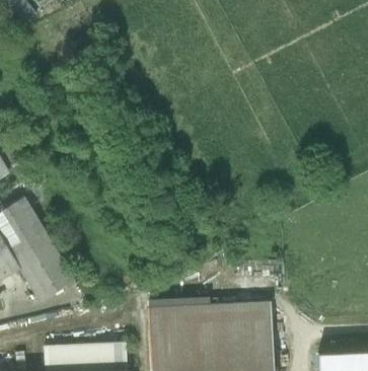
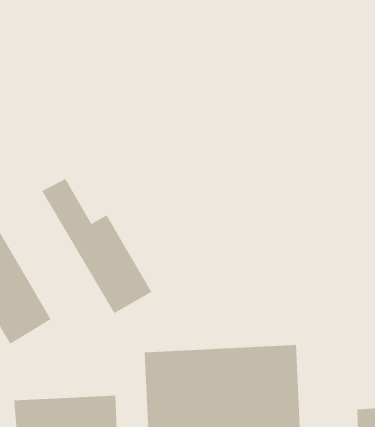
building: none -> [41,178,152,314]

